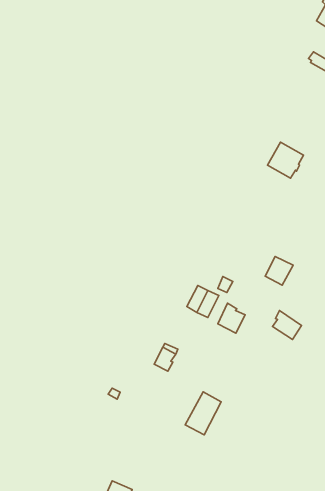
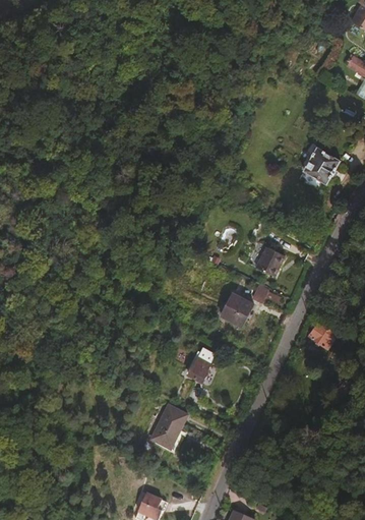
building: [265,256,293,285] -> [256,247,285,277]
building: [218,303,245,333] -> none
building: [185,392,221,435] -> [148,405,185,449]

